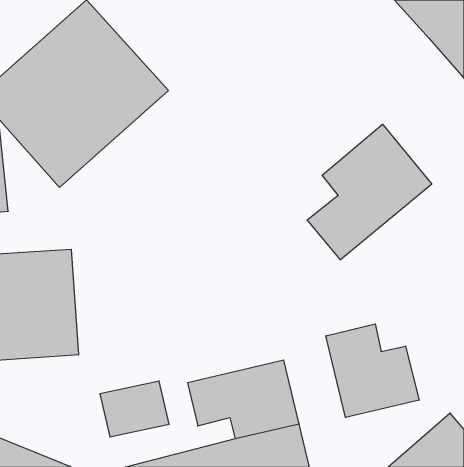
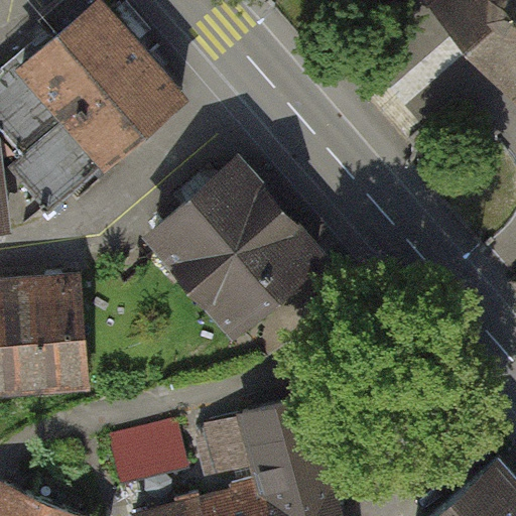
building: [307,124,432,260] -> none
building: none -> [147,154,314,322]
building: [326,324,419,418] -> none

